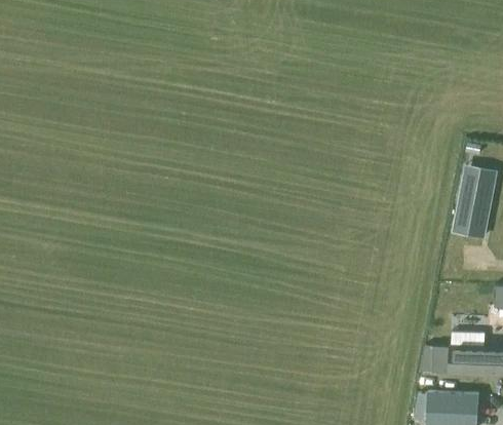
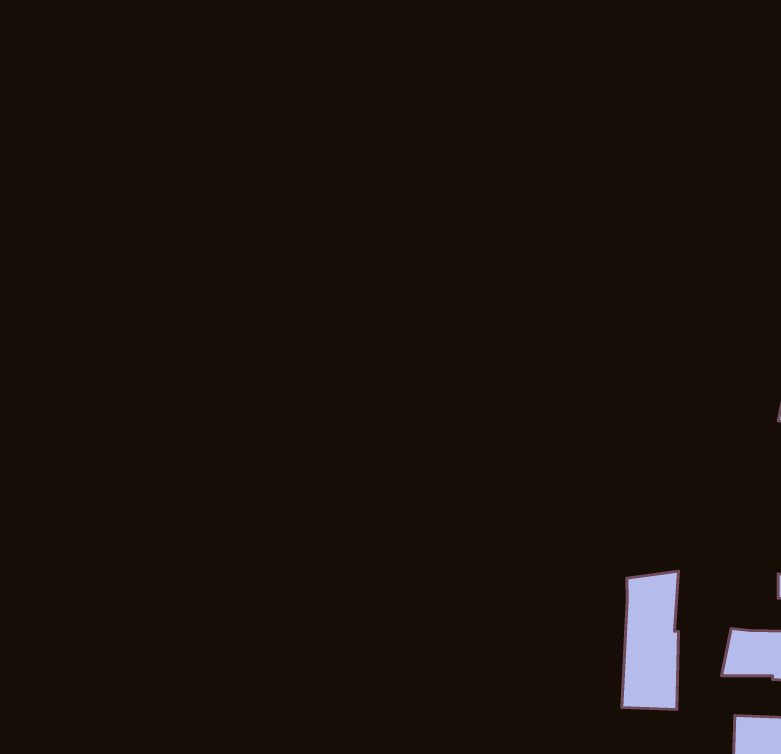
building: none -> [622,571,679,709]

